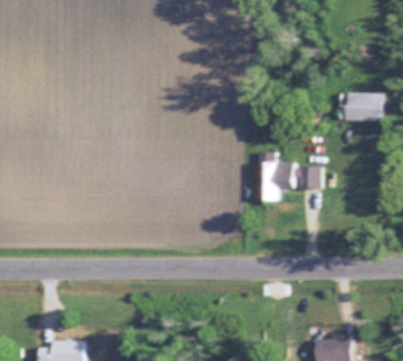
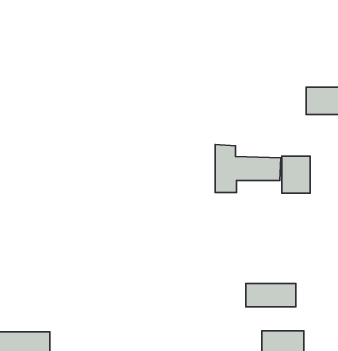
building: none -> [282,156,310,193]
building: none -> [246,283,296,307]

